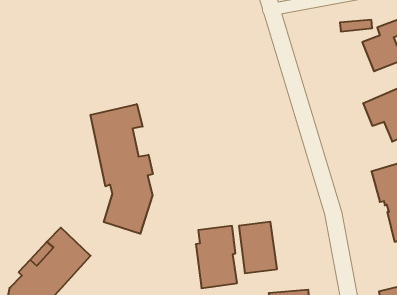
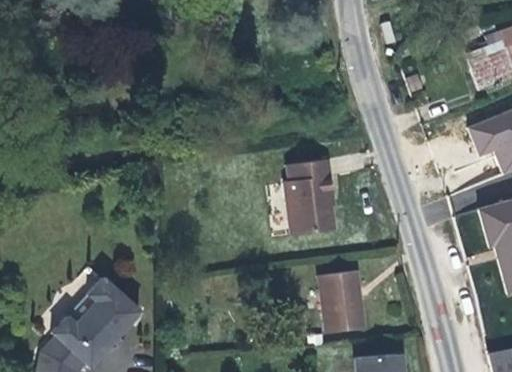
building: [91,104,153,234] -> none
building: [196,226,237,288] -> [285,160,335,235]

